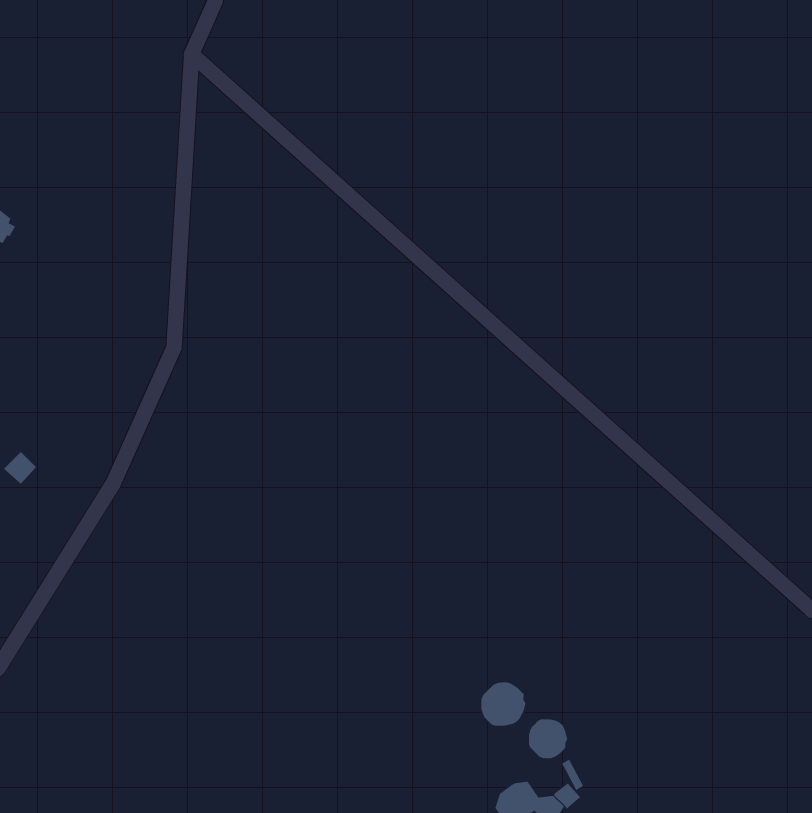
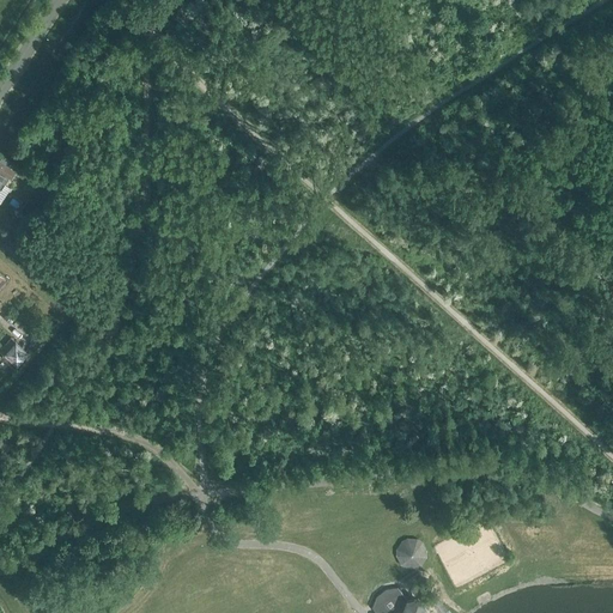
building: [481,682,526,727] -> none

